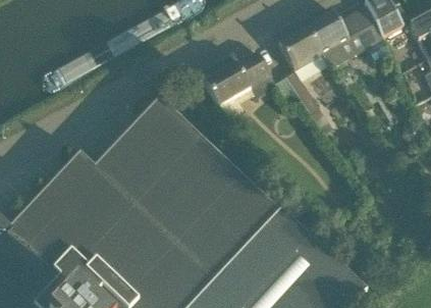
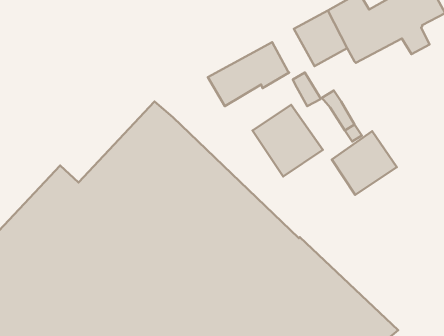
building: none -> [252,105,323,177]
building: none -> [332,131,397,195]

